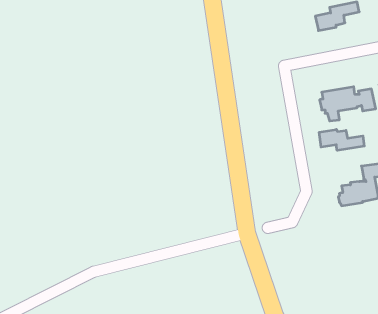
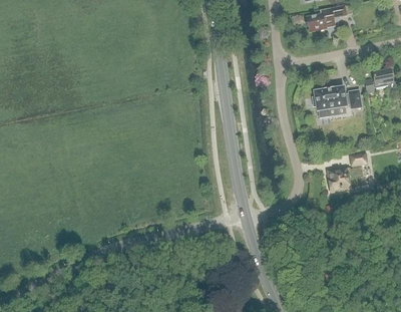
building: [319,129,364,150] -> none

